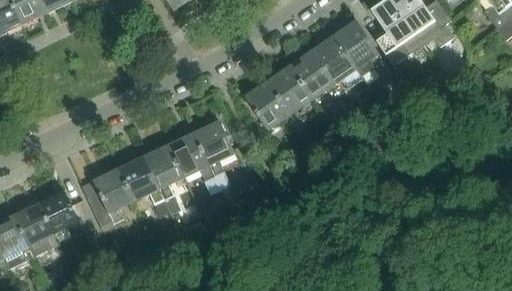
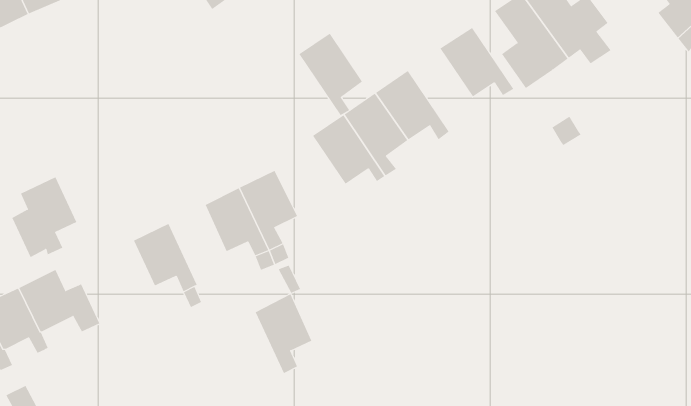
building: [311,35,356,93] -> [299,33,363,116]
building: [144,144,184,200] -> [255,293,312,374]
building: [88,169,134,226] -> [11,176,77,258]

